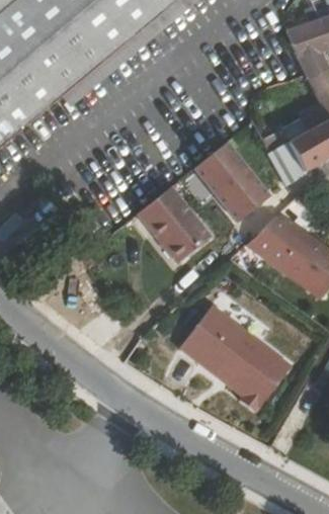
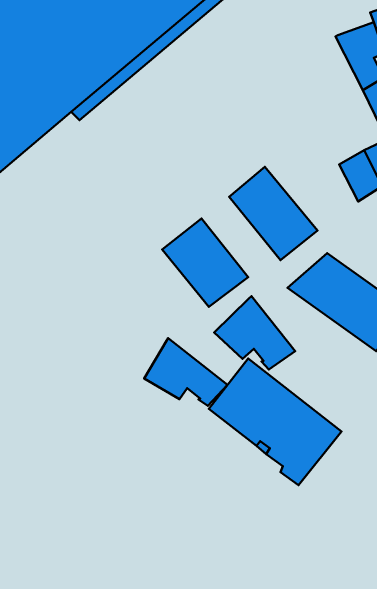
building: [268,140,305,183] -> none
building: none -> [214,296,295,369]
building: none -> [144,338,227,406]

